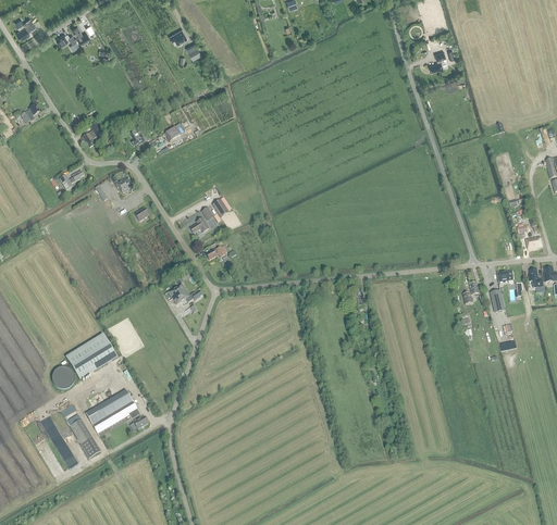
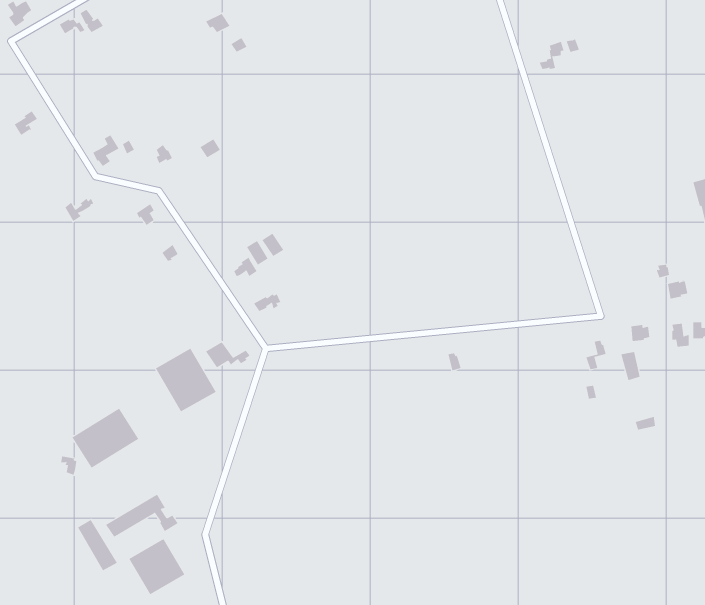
building: none -> [155,348,216,412]
building: none -> [128,538,185,595]

